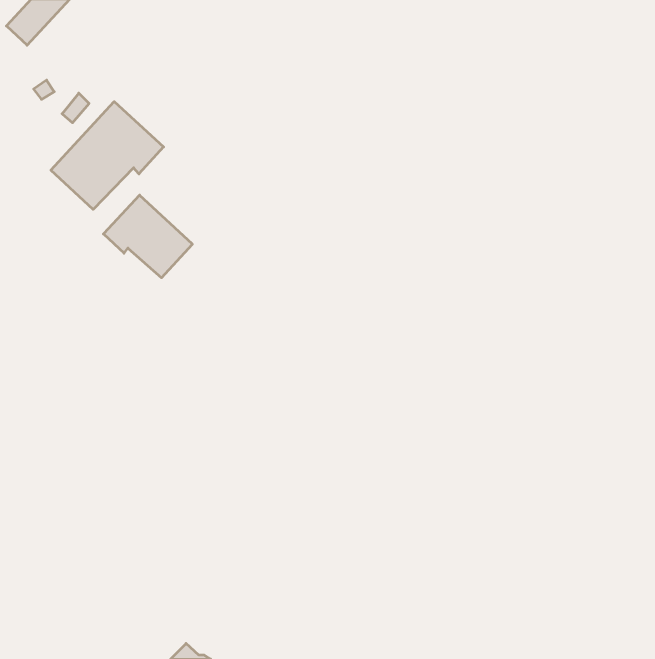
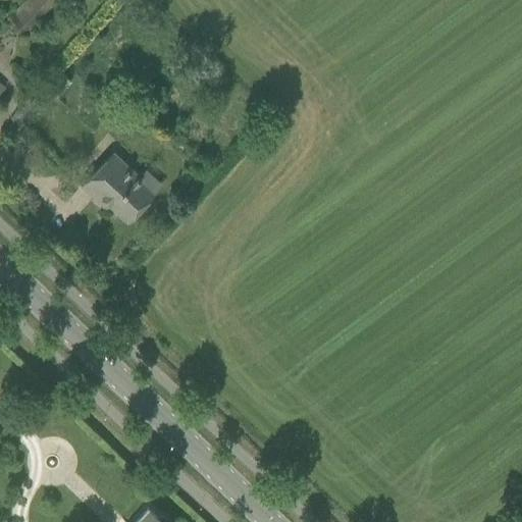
building: [51,102,164,209] -> none

